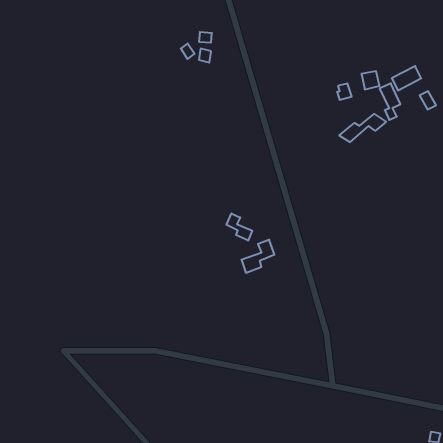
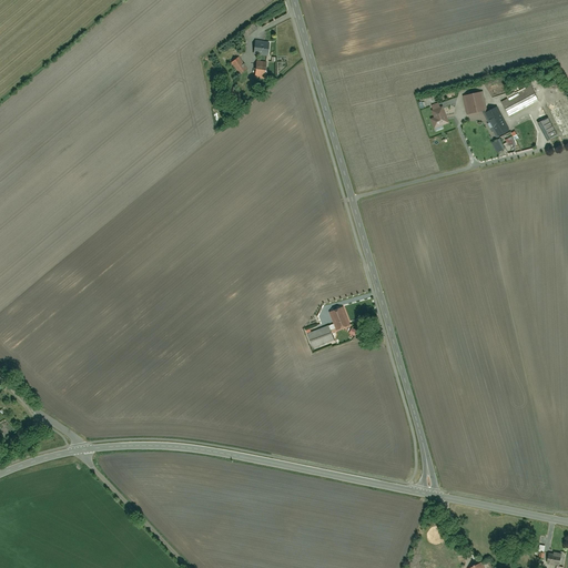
building: [339,114,386,142] -> none
building: [227,213,252,241] -> none

